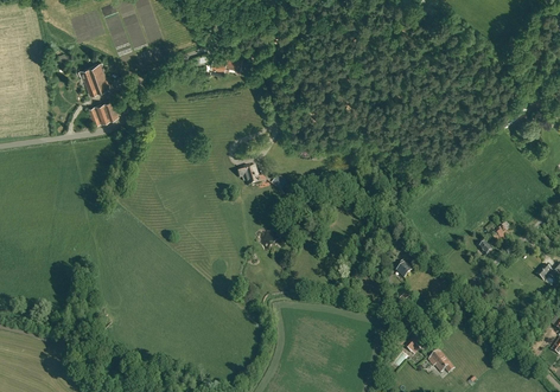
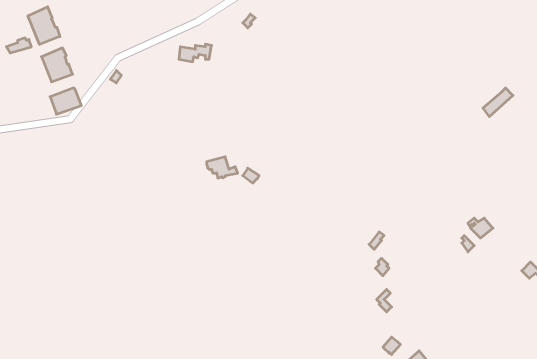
building: none -> [28,7,60,44]

